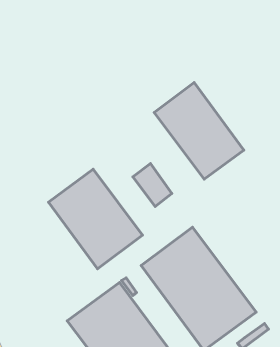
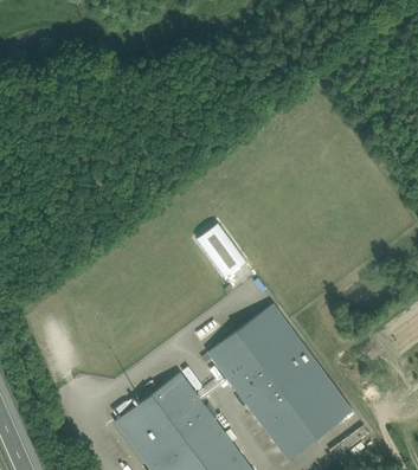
building: [154,83,244,179] -> none
building: [48,169,143,269] -> none

